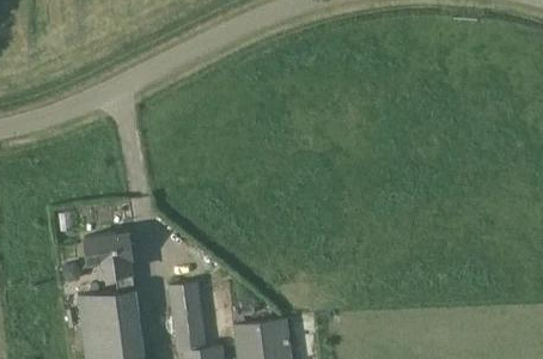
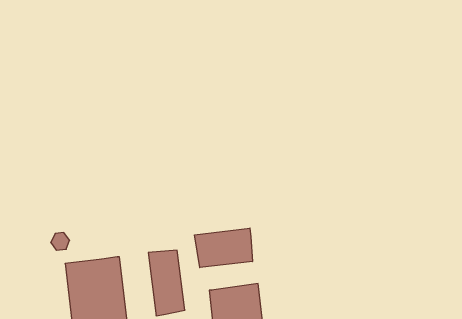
building: [85,233,134,292] -> none
building: none -> [195,228,252,268]

